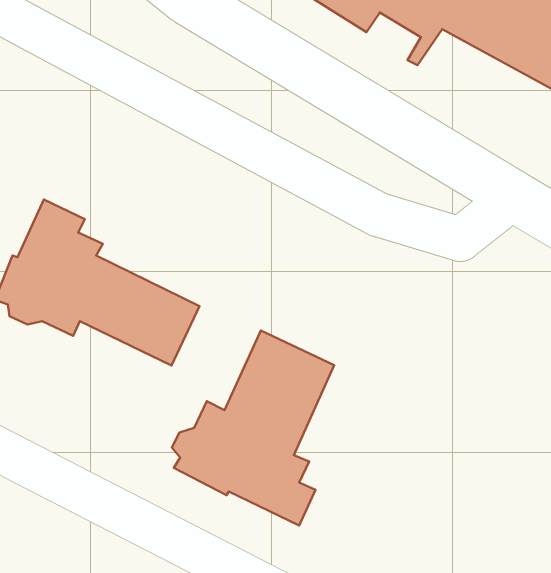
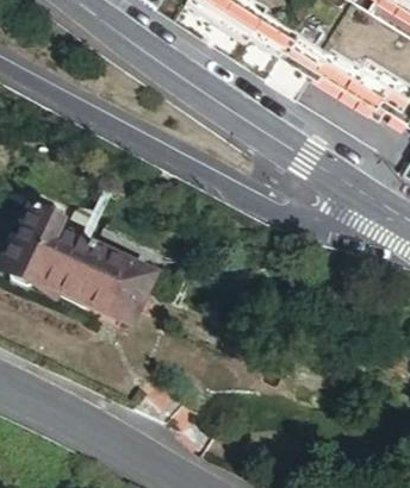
building: [172,331,334,525] -> none

